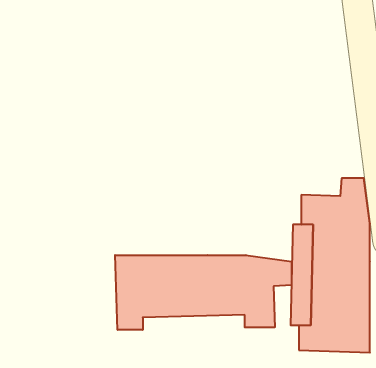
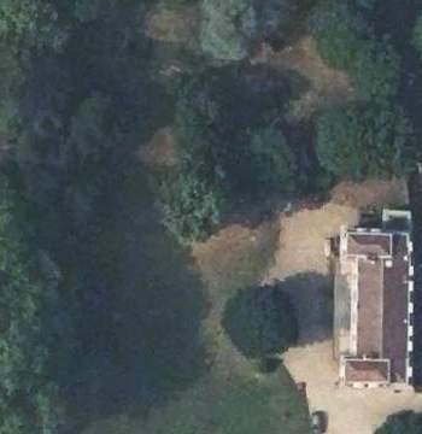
building: [115,255,292,330] -> none

